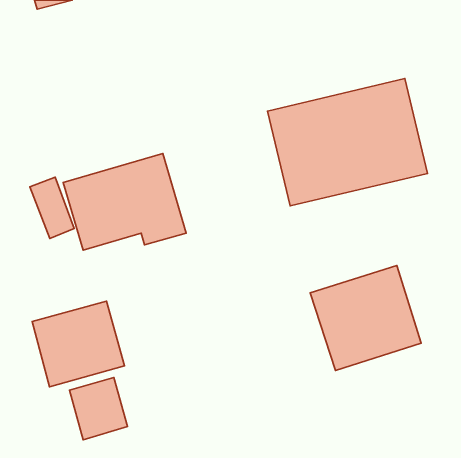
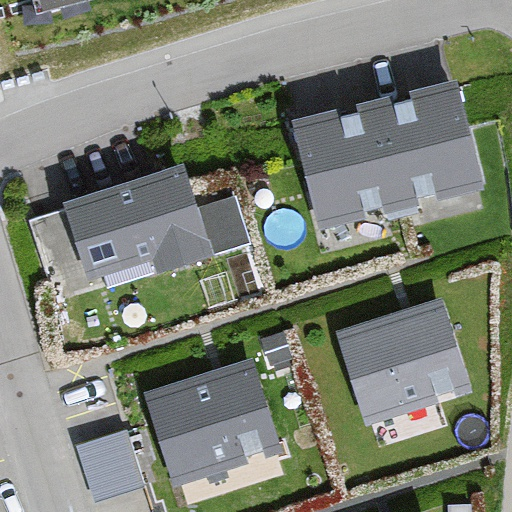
building: [32,301,125,387] -> none
building: none -> [151,358,276,473]

